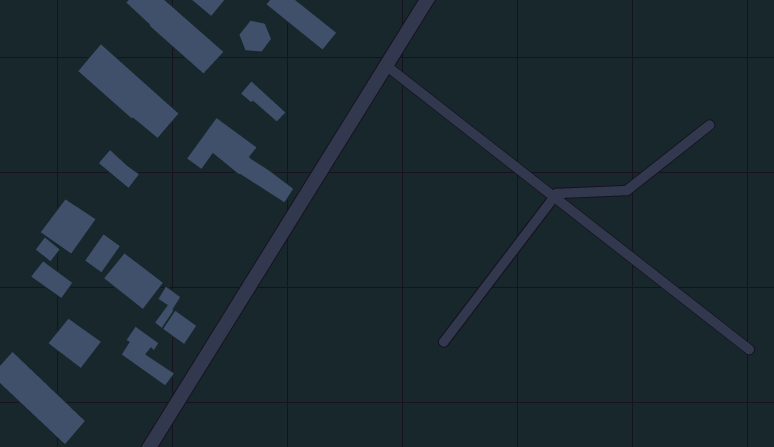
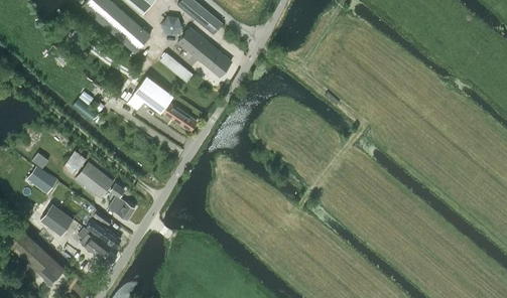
building: none -> [177,27,231,77]
building: [77,43,179,139] -> none
building: [40,198,96,255] -> none
building: none -> [77,227,116,265]

